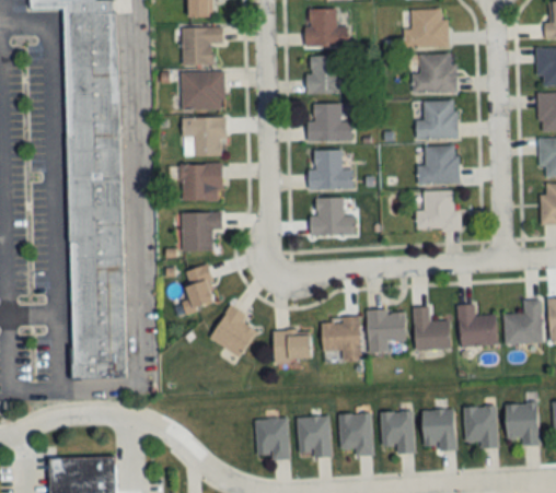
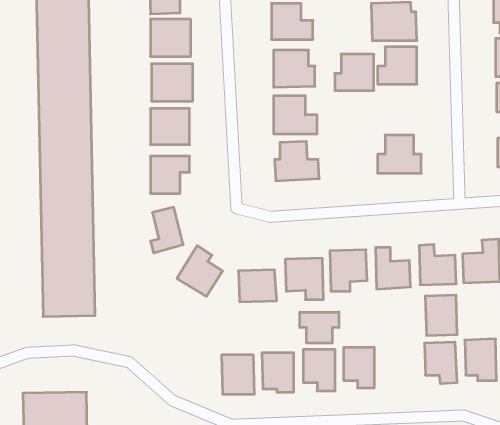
building: [417,146,457,184] -> [335,54,374,90]
building: none -> [300,312,339,343]
building: [422,408,455,449] -> [425,295,457,335]

